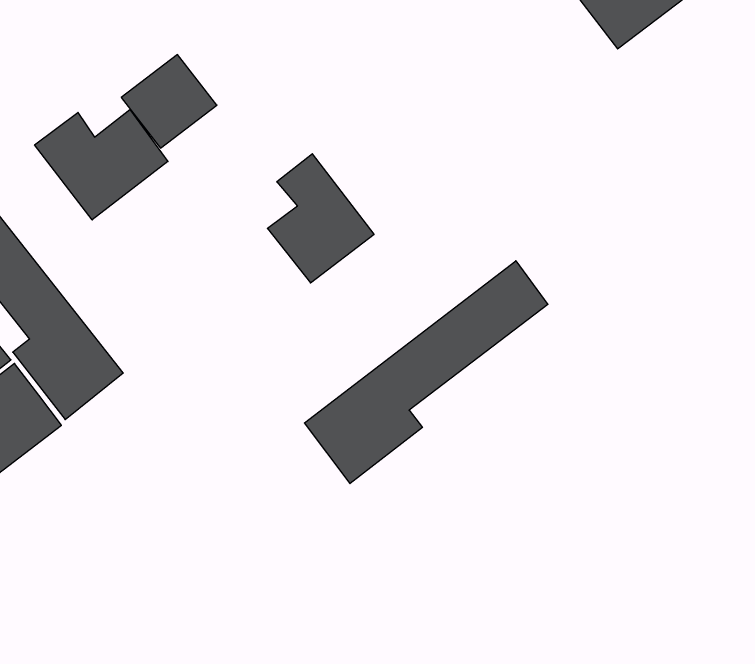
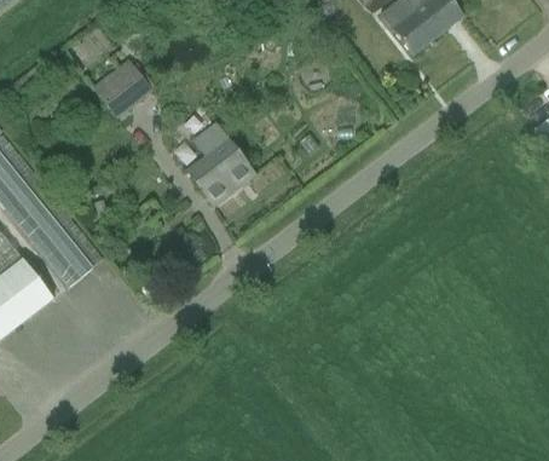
building: [35,110,168,220] -> none
building: [304,261,548,484] -> none

